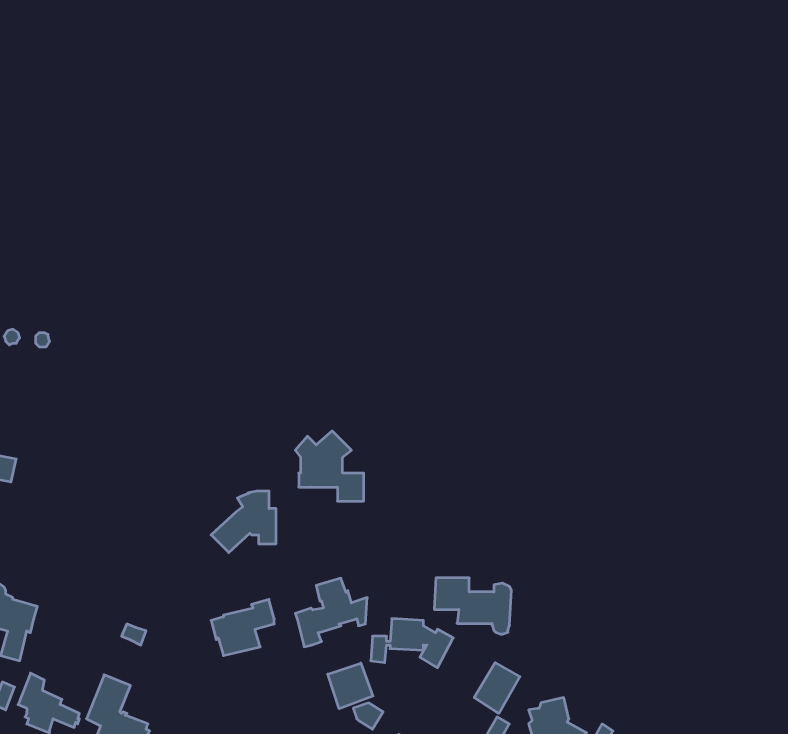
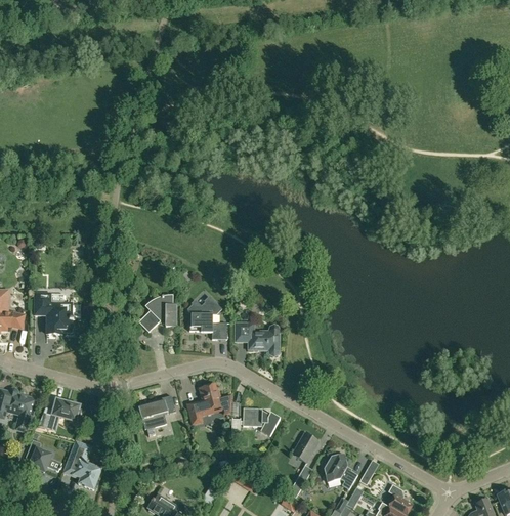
building: none -> [35,294,74,334]
building: [211,491,276,553] -> [138,296,176,332]
building: [434,578,511,634] -> [235,322,280,355]
building: none -> [39,399,81,429]
building: [328,663,373,709] -> none

